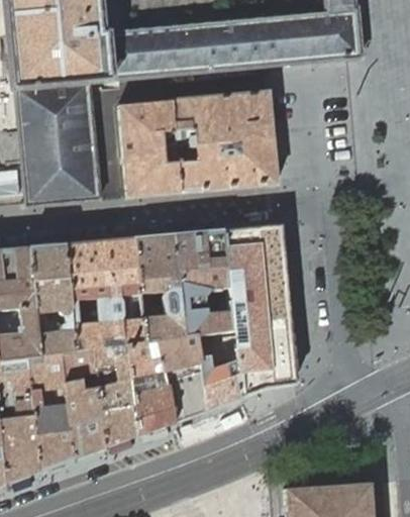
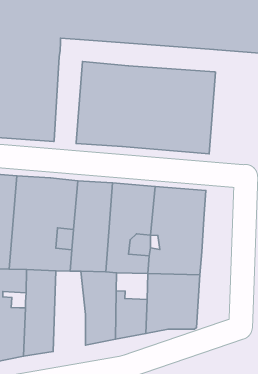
building: [195,328,234,360] -> none
building: [126,338,174,433] -> none

